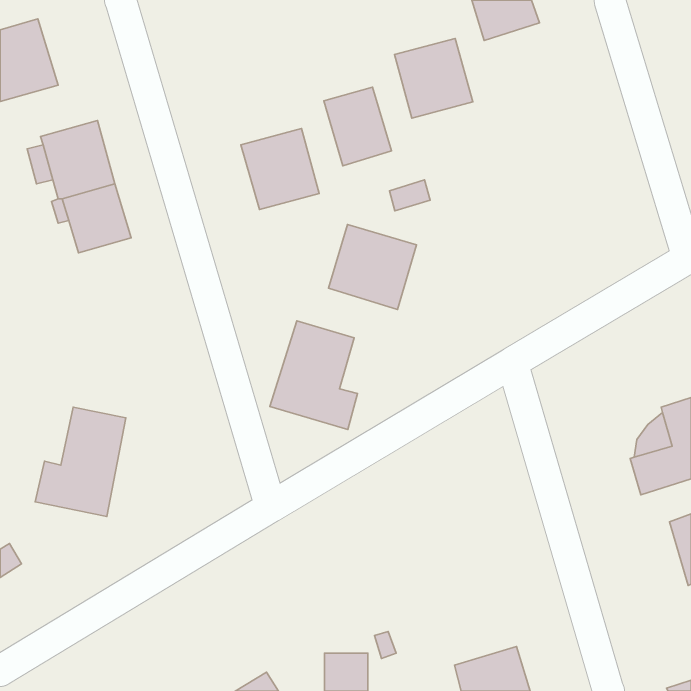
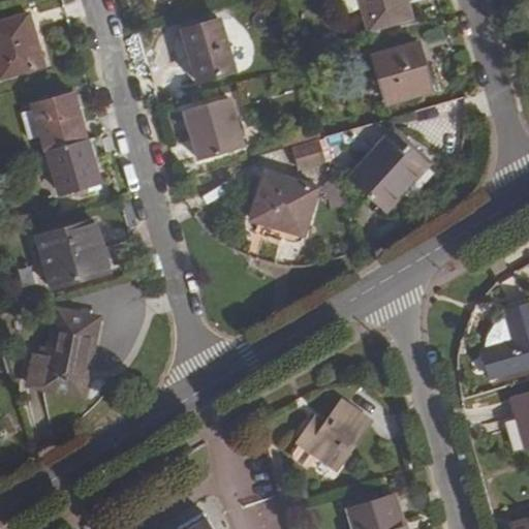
building: [394,38,473,118] -> [372,42,432,103]
building: [324,87,392,166] -> [183,21,235,81]
building: none -> [349,129,431,212]
building: none -> [37,221,108,286]
building: [270,321,357,429] -> none
building: none -> [298,401,371,471]

